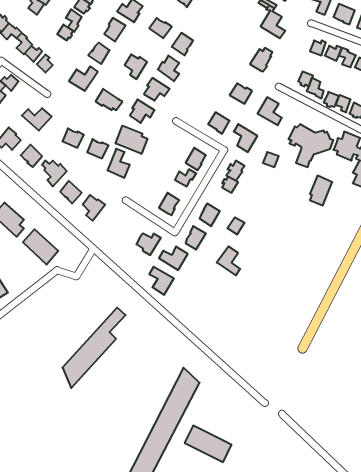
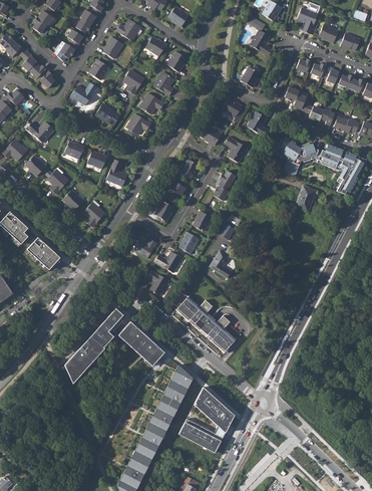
building: [116,126,147,154] -> none
building: none -> [174,293,236,352]
building: none -> [117,321,164,366]
building: none -> [194,388,234,437]

